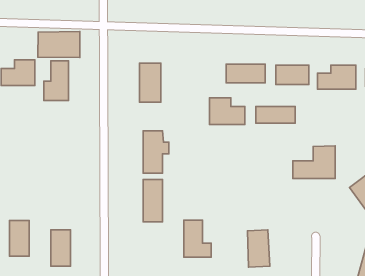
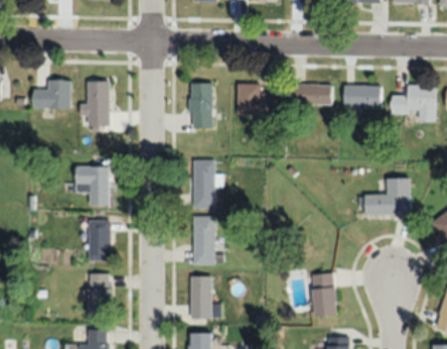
building: [38,31,80,57] -> none
building: [209,98,245,124] -> [237,84,277,114]
building: [256,106,295,123] -> none
building: none -> [76,165,110,205]
building: [184,220,211,257] -> [190,276,221,319]
building: [10,221,29,256] -> [89,220,111,260]

